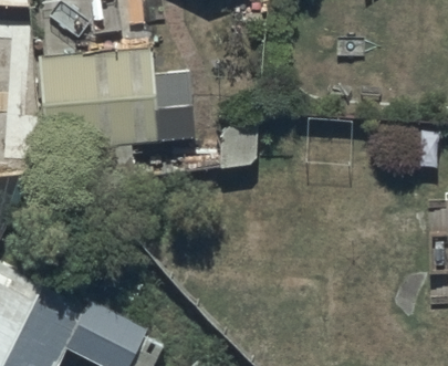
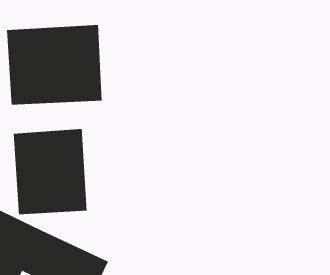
building: none -> [13,128,87,215]

